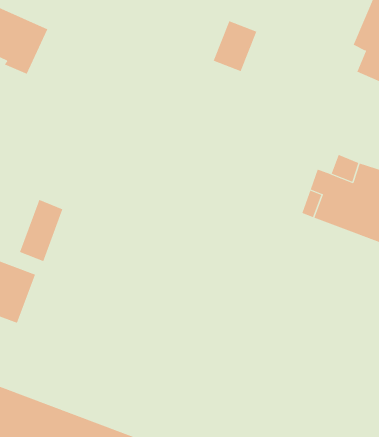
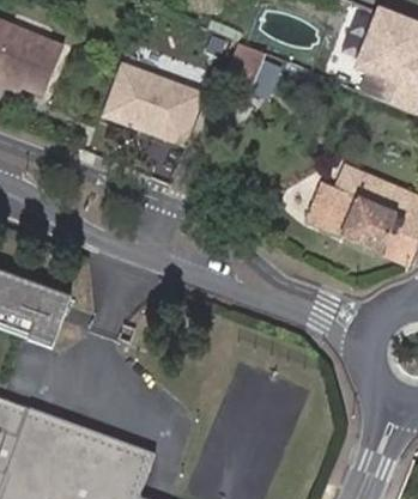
building: none -> [99,66,202,152]
building: [19,199,63,262] -> [28,286,71,347]

